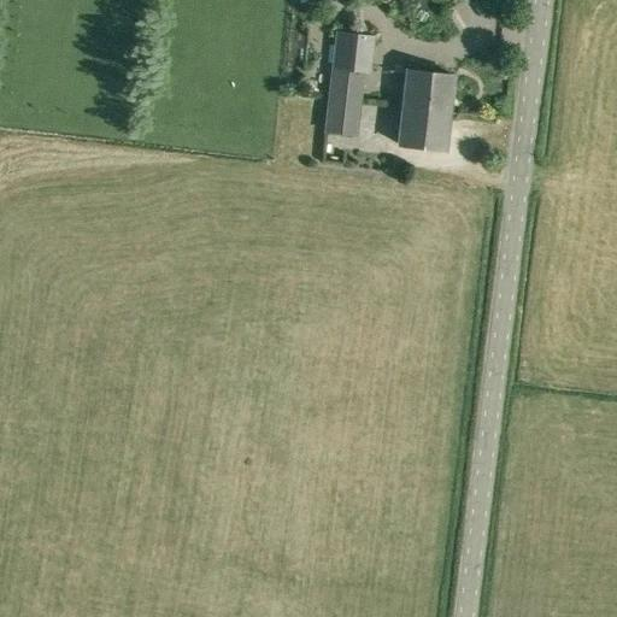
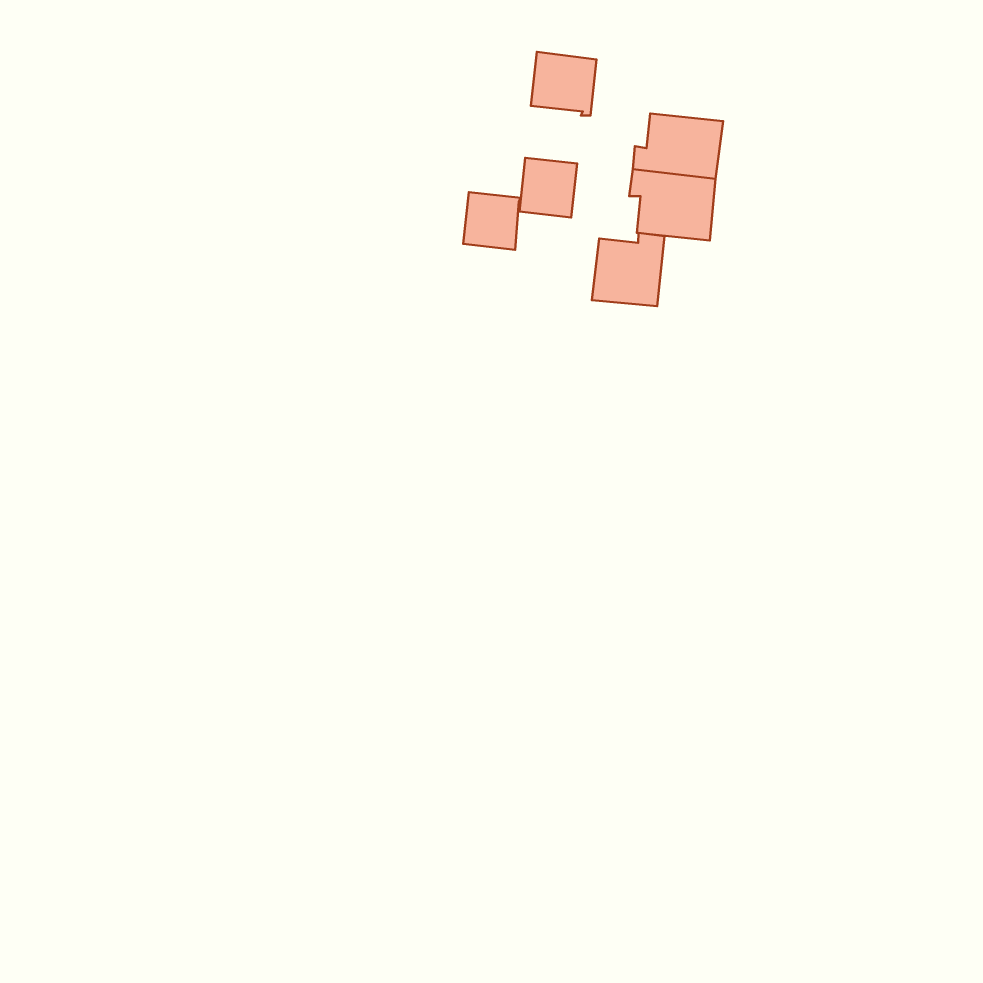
building: [329,66,365,102] -> [463,192,521,250]
building: none -> [592,233,664,306]

